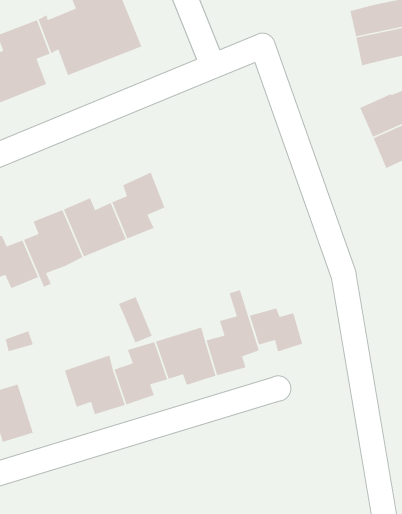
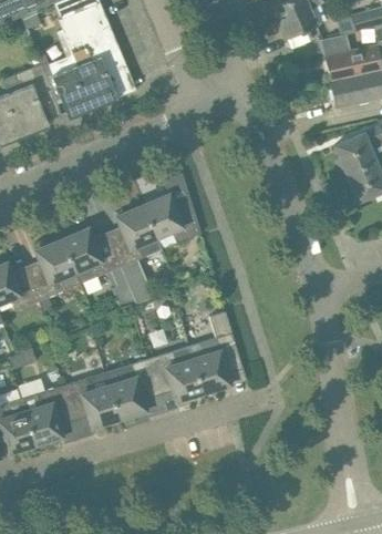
building: none -> [144,194,202,240]
building: [118,296,153,343] -> [122,259,154,302]
building: [249,308,303,352] -> none
building: none -> [22,386,75,443]

